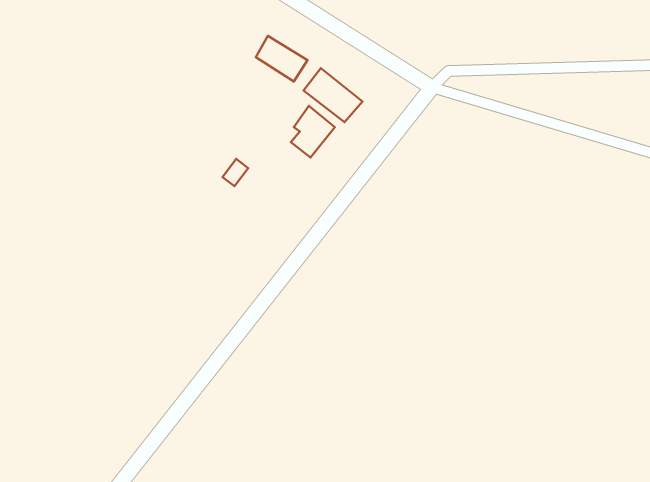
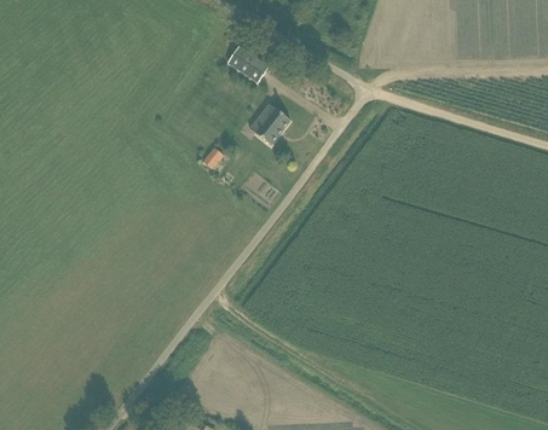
building: [304,68,362,122] -> none

